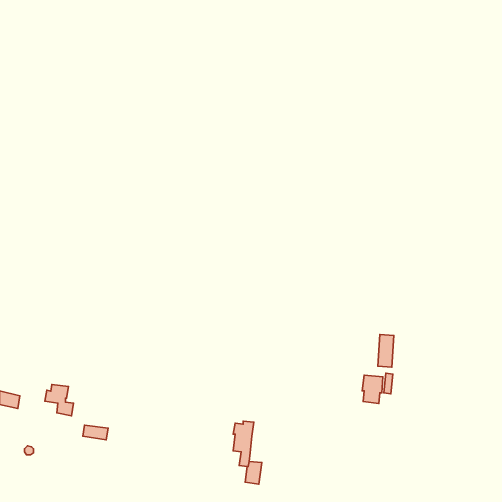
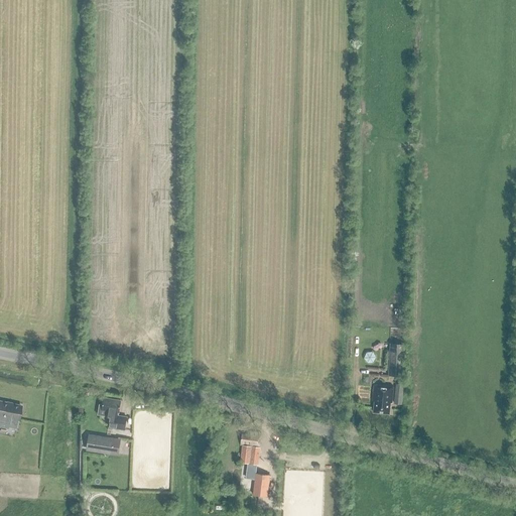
building: [45,384,74,416] -> [96,397,125,429]

